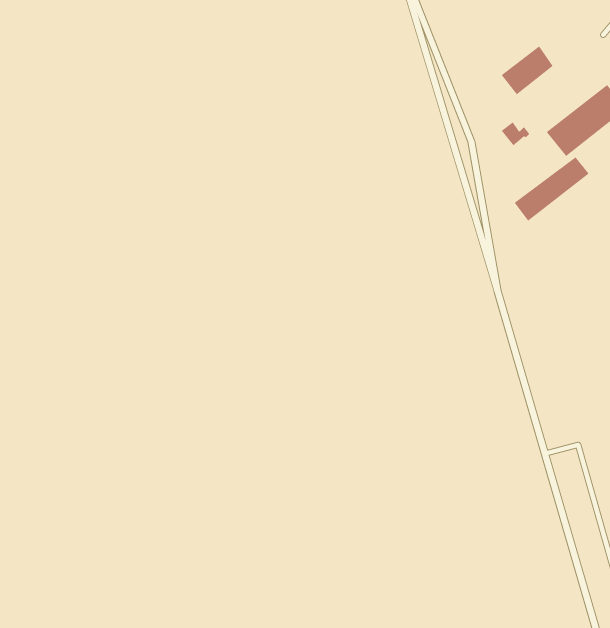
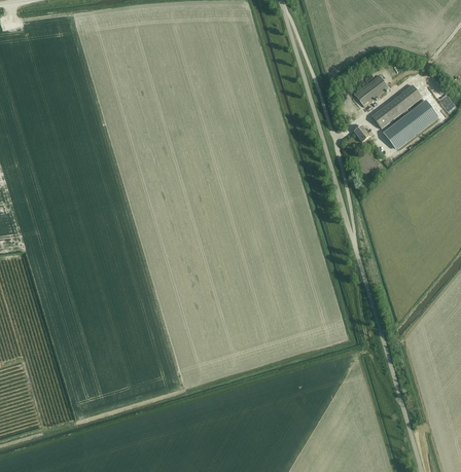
building: [514,156,590,221] -> [370,84,421,128]

